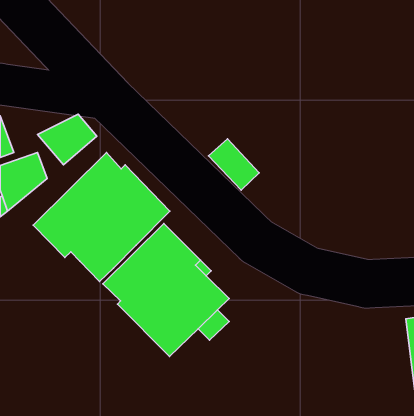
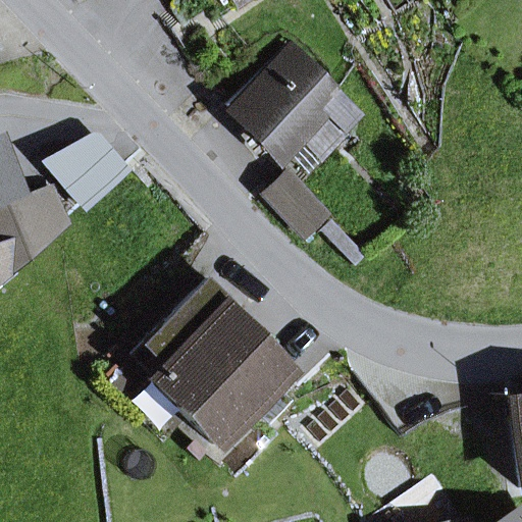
building: none -> [228,45,363,159]
building: [33,153,170,282] -> none

